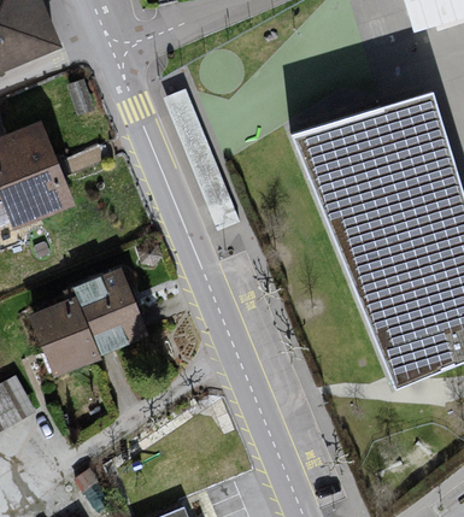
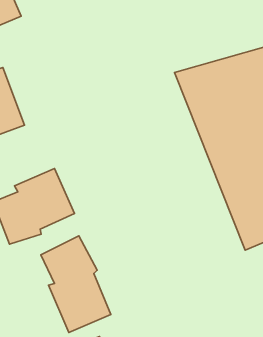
building: none -> [41,236,111,332]

